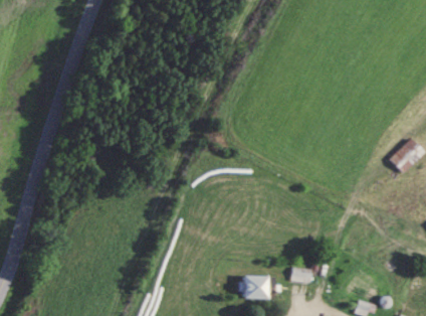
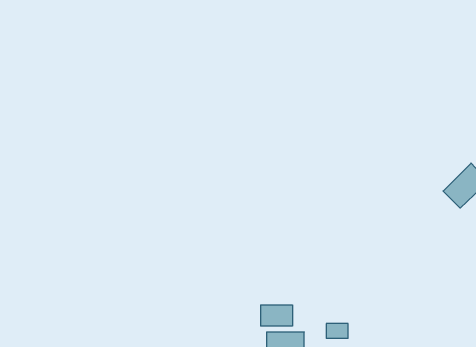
building: none -> [261,305,292,326]

